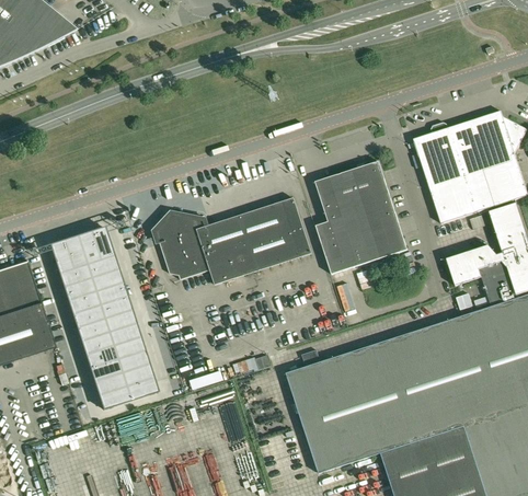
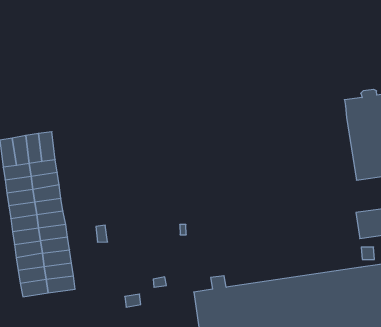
building: [315,161,408,273] -> none
building: [158,197,312,282] -> none

